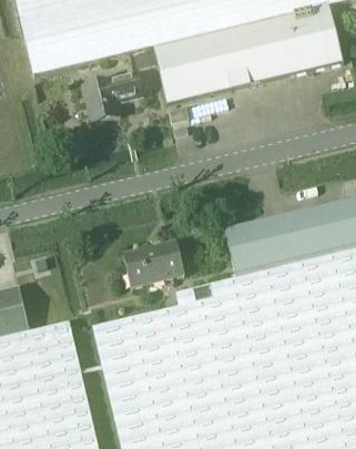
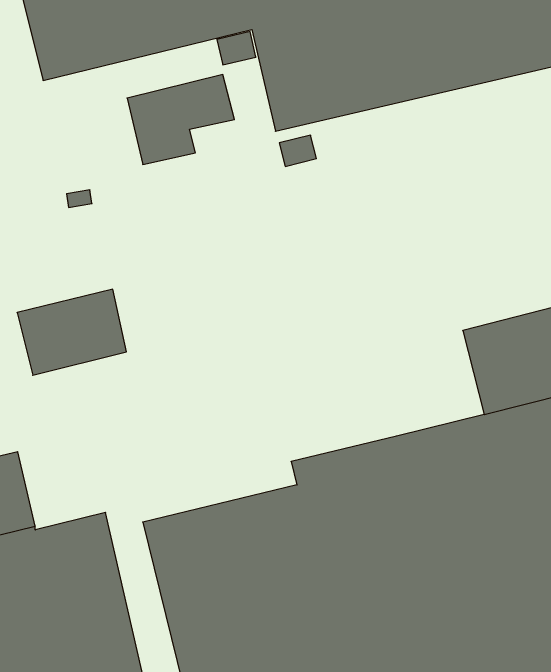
building: [224,218,285,278] -> none
building: [122,239,184,288] -> [17,289,126,375]

